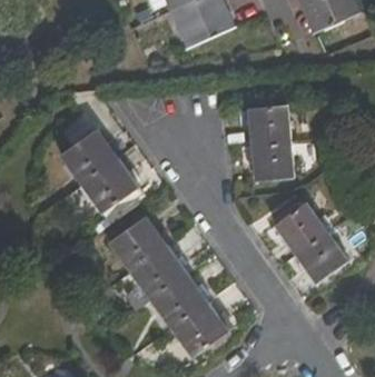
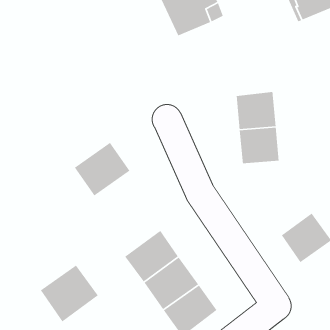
building: [60,128,118,183] -> none
building: [275,202,327,254] -> none
building: [109,216,170,276] -> [40,264,99,322]

